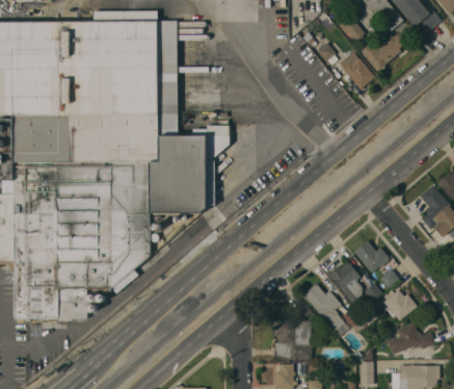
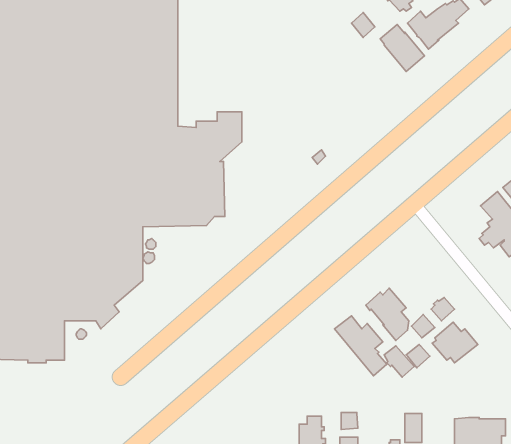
building: [353,240,389,274] -> none
building: [273,301,312,361] -> none
building: [386,323,433,355] -> none

